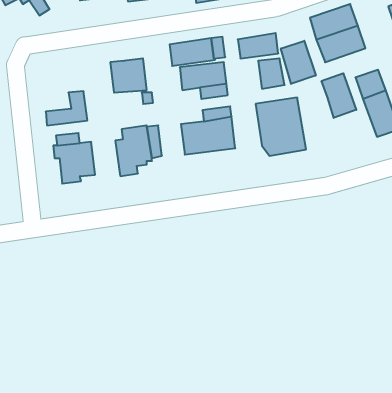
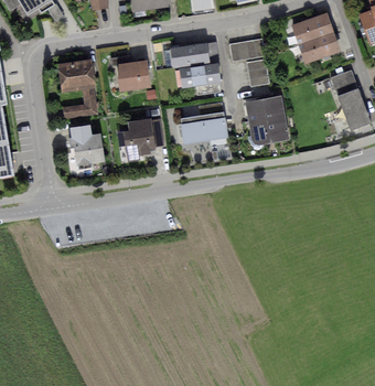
building: [281,41,316,84] -> none
building: none -> [57,60,95,94]
building: [322,73,356,118] -> none

